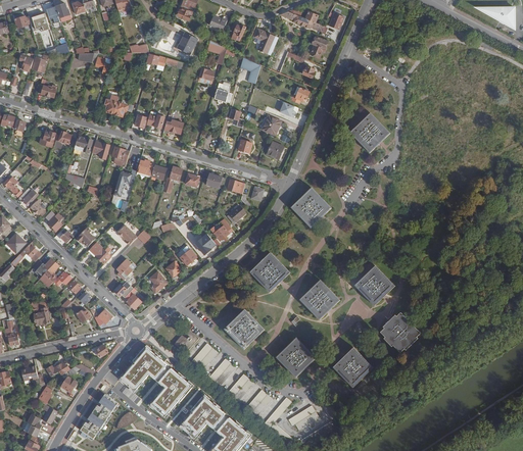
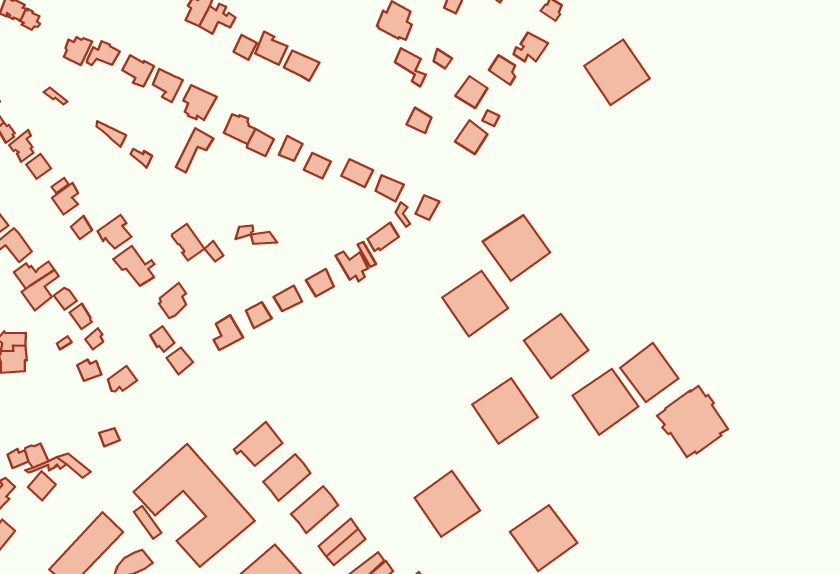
building: [350,113,388,151] -> [584,39,650,105]
building: none -> [524,314,589,379]
building: none -> [620,343,679,402]
building: [250,253,288,291] -> [442,271,508,337]
building: [225,310,263,347] -> none
building: [380,312,421,353] -> [657,386,728,457]

